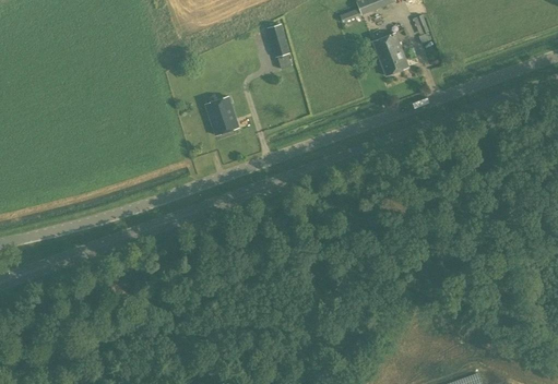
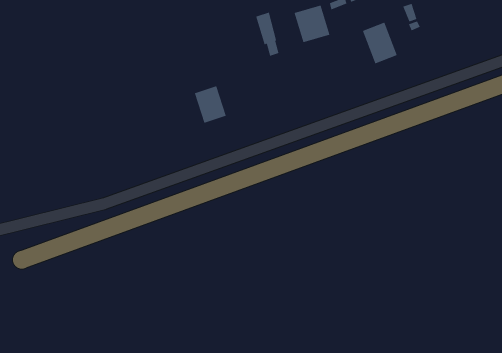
building: none -> [294,5,330,43]

